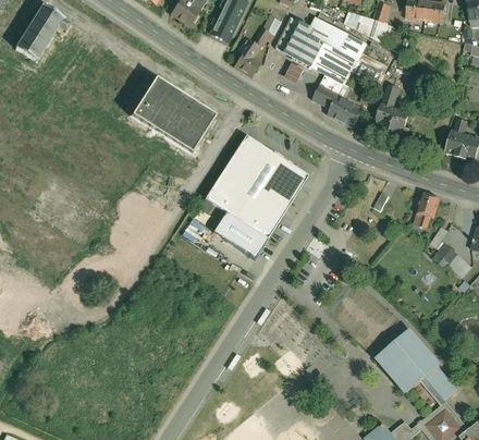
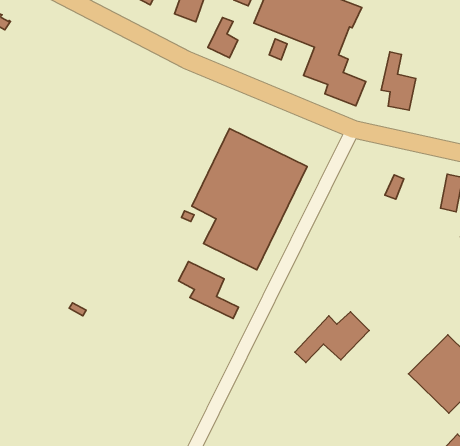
building: [132,78,216,152] -> none
building: none -> [179,262,239,318]
building: none -> [295,312,369,362]

